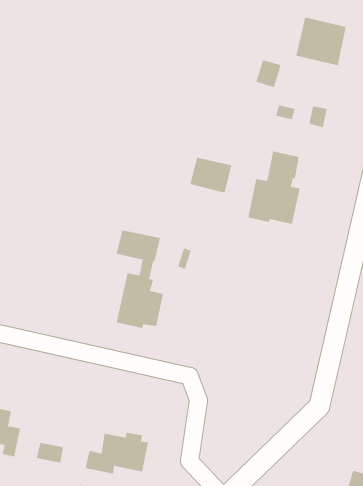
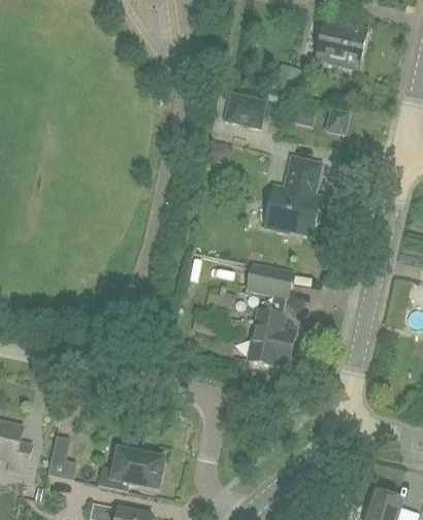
building: [189,157,232,193] -> [223,91,267,128]
building: [116,230,164,329] -> [246,263,295,365]

